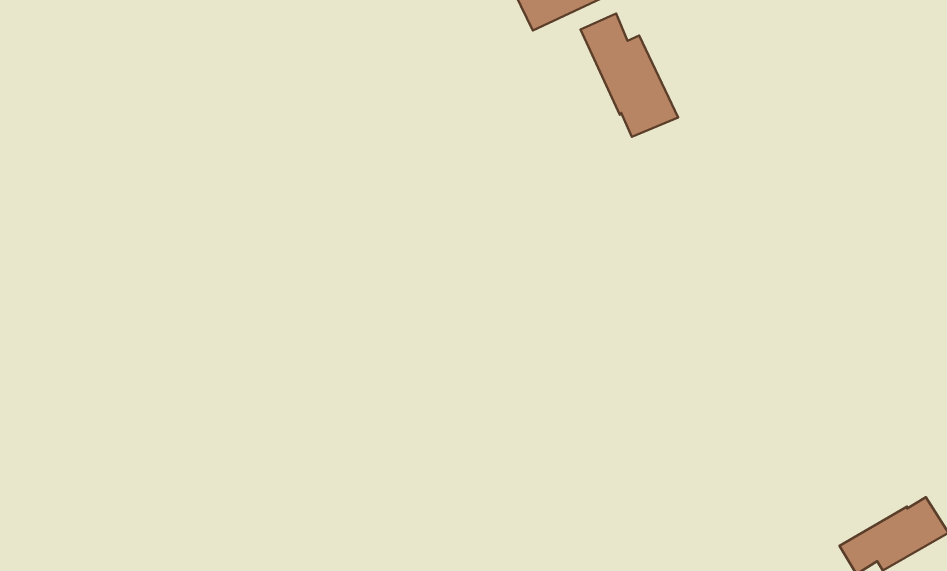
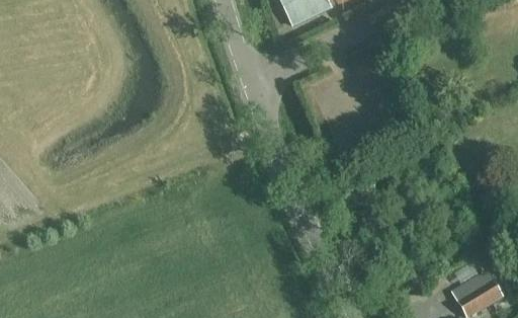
building: [580,14,678,137] -> none

